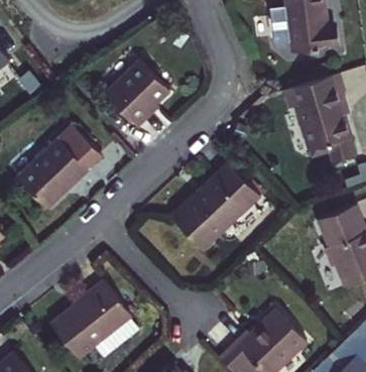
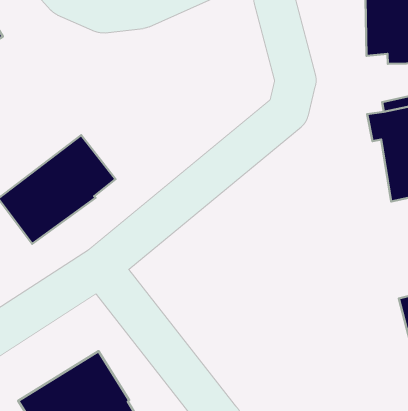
building: [106,64,170,126] -> none
building: [174,163,258,248] -> none

